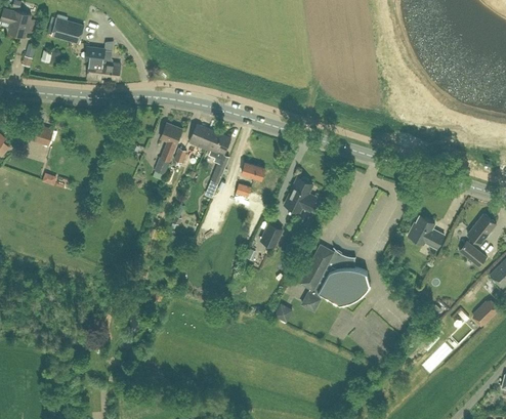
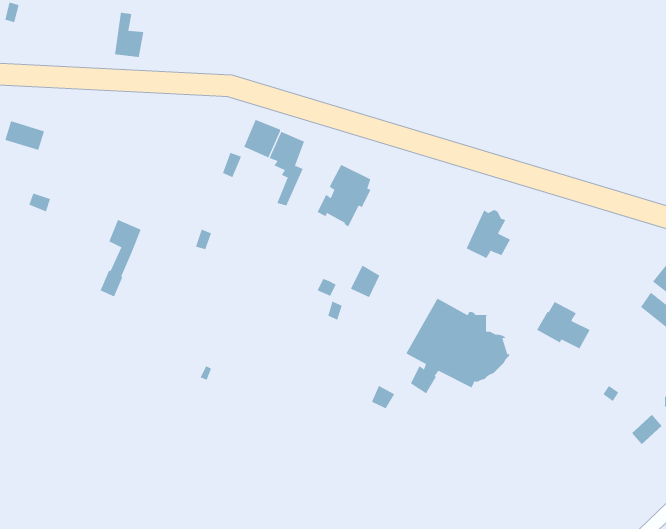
building: [86,48,103,80] -> none
building: [153,122,181,175] -> [100,219,142,297]
building: [285,176,315,210] -> [466,209,511,259]
building: [407,215,444,248] -> [536,301,590,349]

